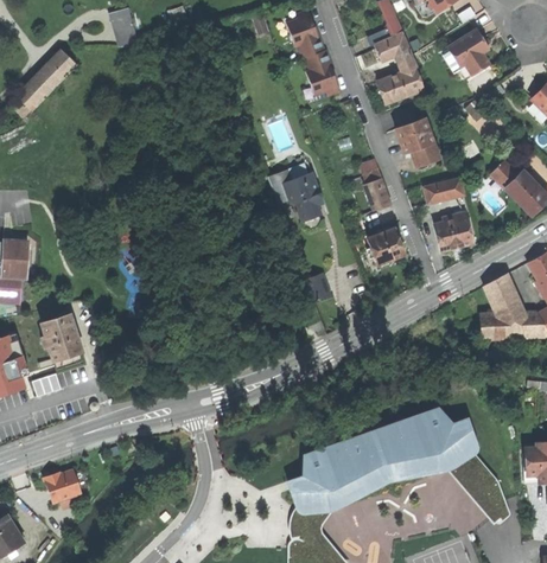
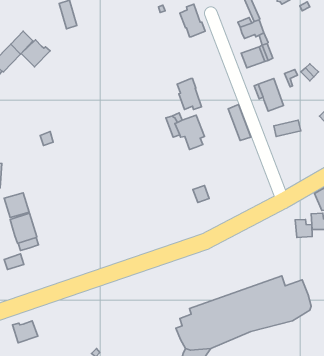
building: [440,30,488,75] -> none
building: [304,50,339,95] -> [177,78,202,109]
building: none -> [21,40,50,67]
building: [434,217,471,250] -> none
building: [367,229,402,267] -> none
building: none -> [4,193,29,218]
building: none -> [295,220,312,237]

